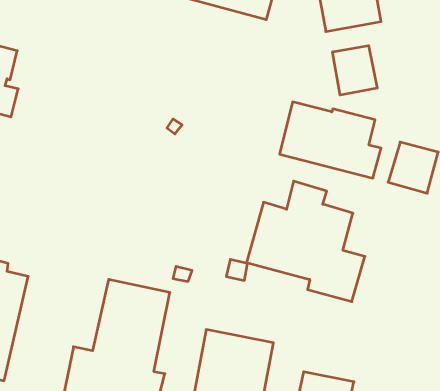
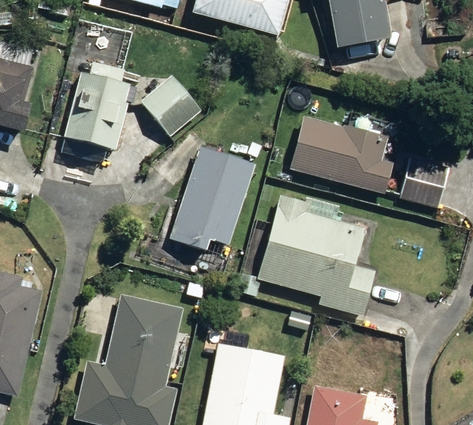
building: [333,46,377,95] -> none
building: none -> [64,62,140,149]
building: none -> [140,75,199,136]
building: none -> [170,147,254,250]

